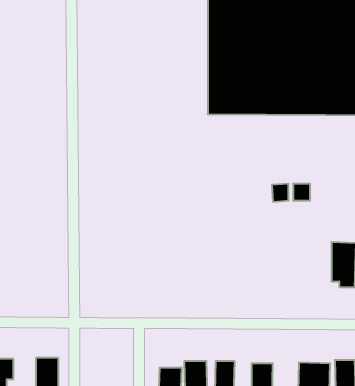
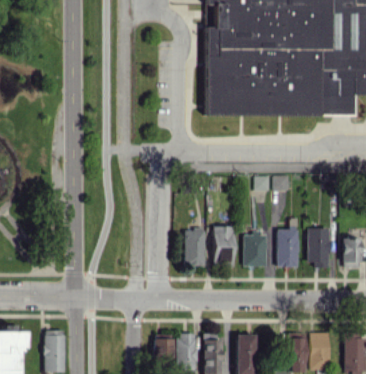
building: none -> [277,218,299,267]
building: none -> [214,226,235,265]
building: none -> [185,229,206,265]
building: none -> [244,232,267,266]

